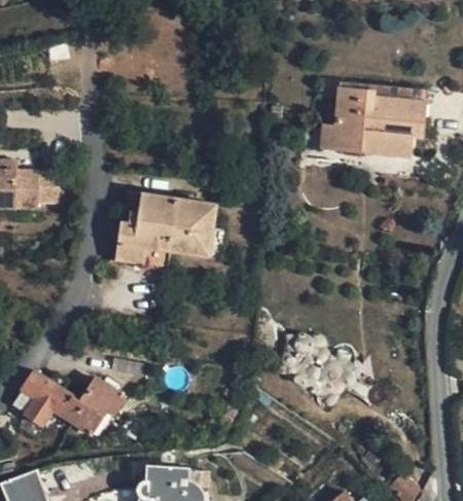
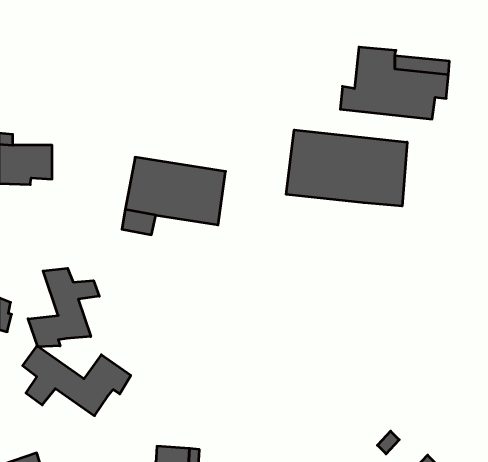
building: none -> [286,130,407,206]
building: none -> [28,268,99,347]

